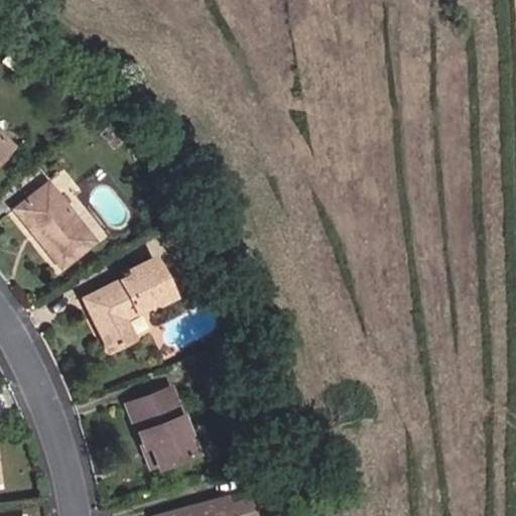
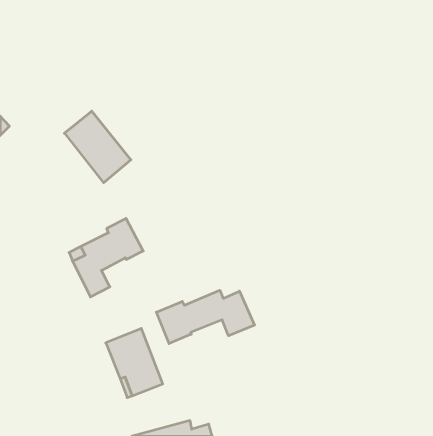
building: [15,183,94,268] -> [64,111,131,183]
building: none -> [156,290,254,344]

